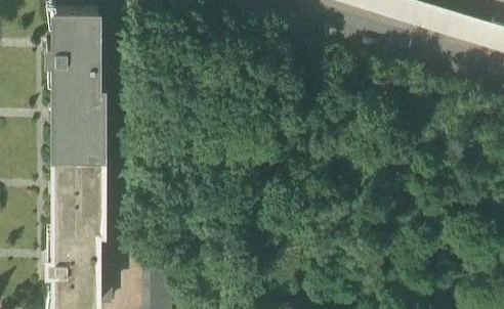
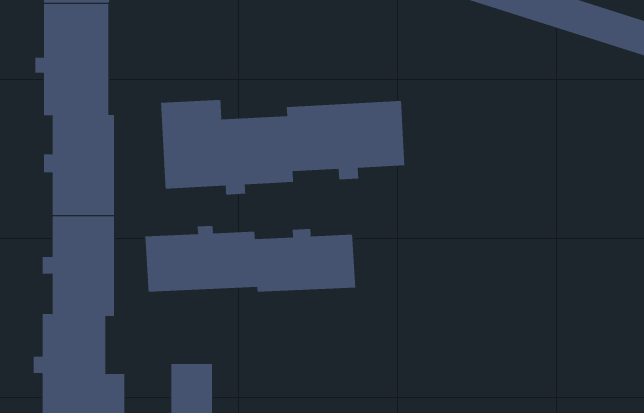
building: none -> [161,99,405,195]
building: none -> [145,225,356,293]

